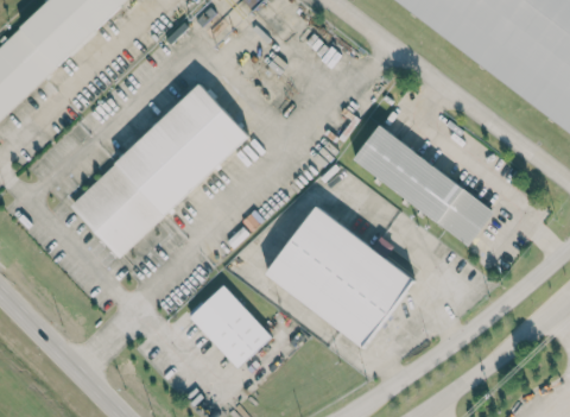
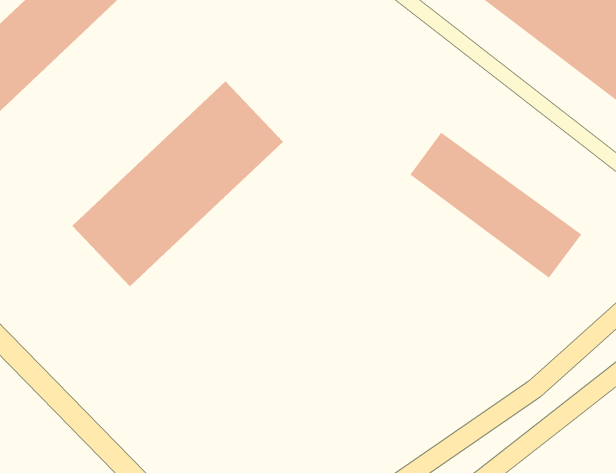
building: [267,207,413,346] -> none
building: [191,288,271,367] -> none

